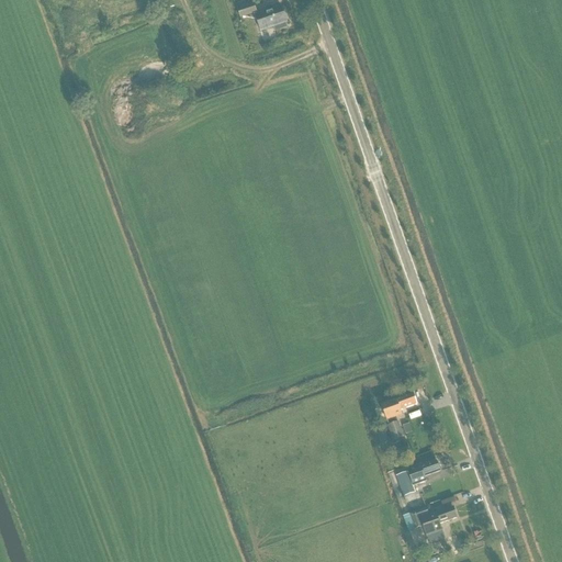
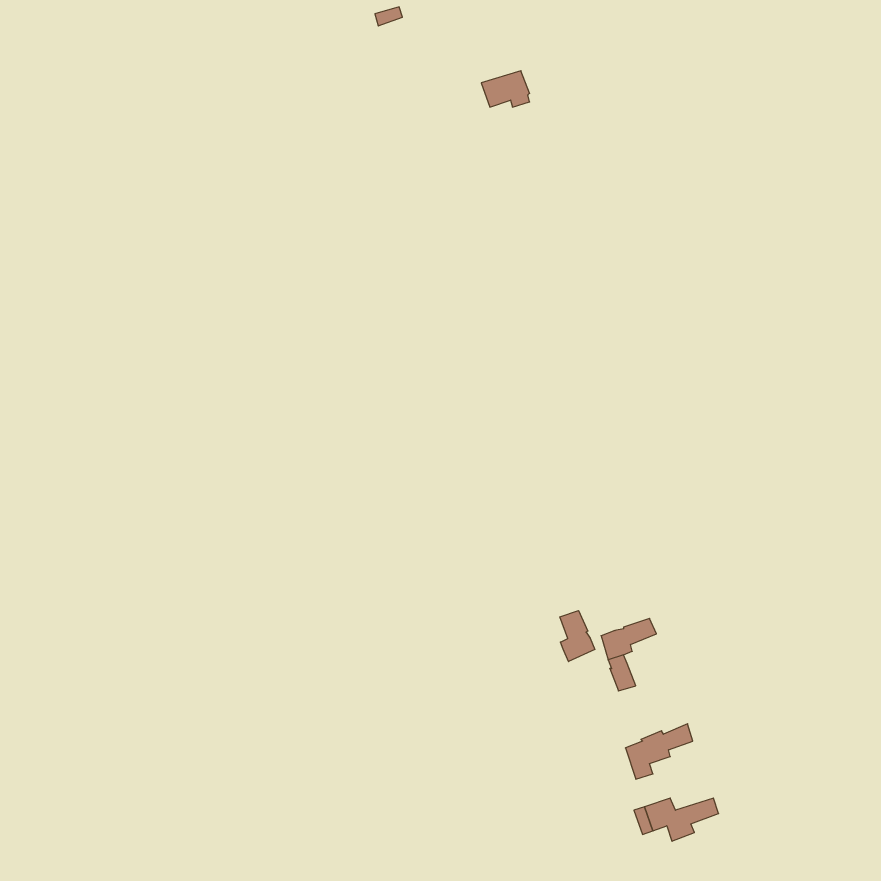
building: [257,7,288,30] -> [481,71,530,107]
building: none -> [560,611,595,662]

